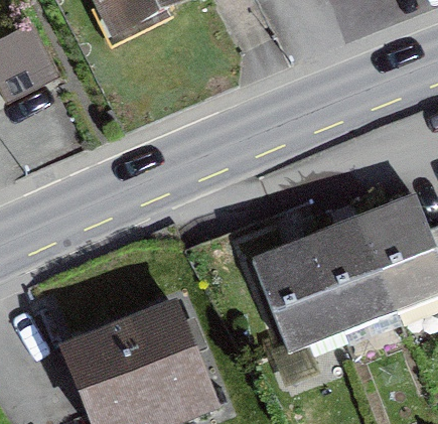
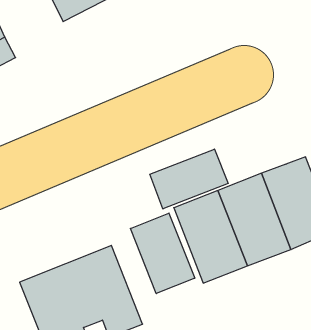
building: none -> [150,149,228,209]
building: none -> [130,213,195,294]

